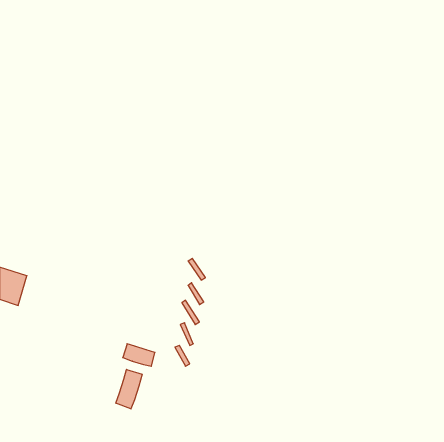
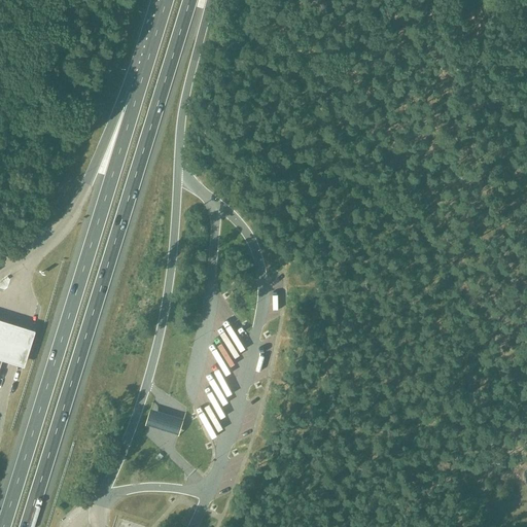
building: [116,369,142,409] -> none

